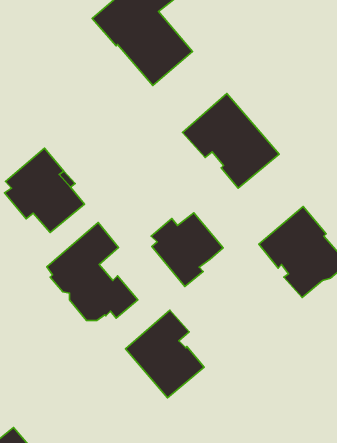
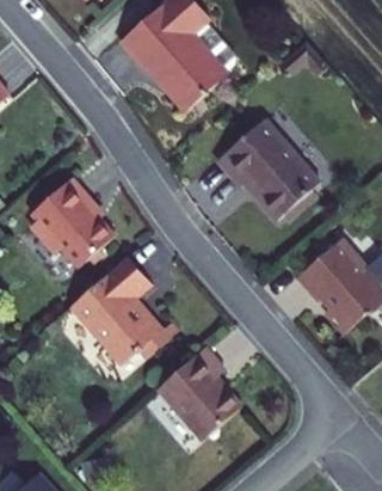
building: [151,213,223,287] -> none

